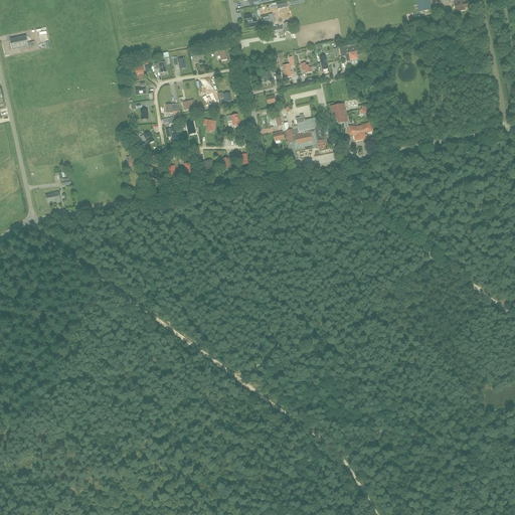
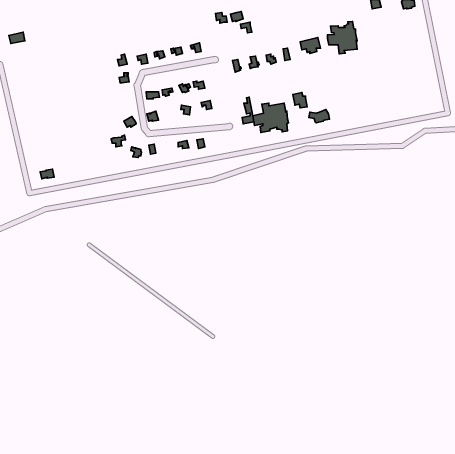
building: none -> [327,22,357,54]

